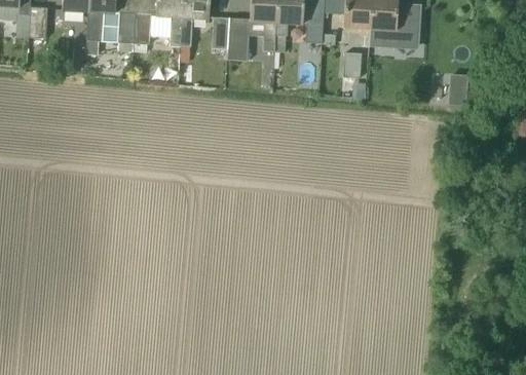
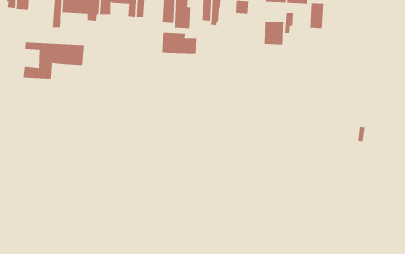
building: none -> [162,32,197,55]
building: [447,73,466,105] -> none
building: none -> [23,41,84,80]

